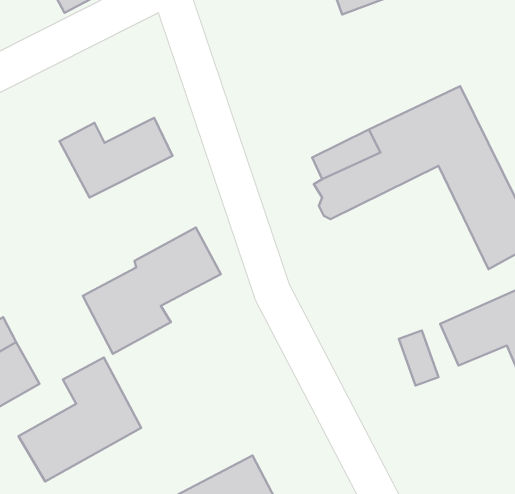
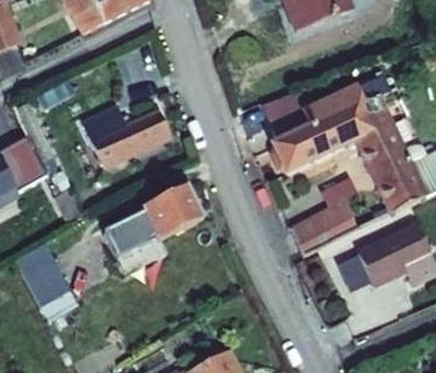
building: none -> [286,201,359,256]
building: [19,357,141,482] -> none

